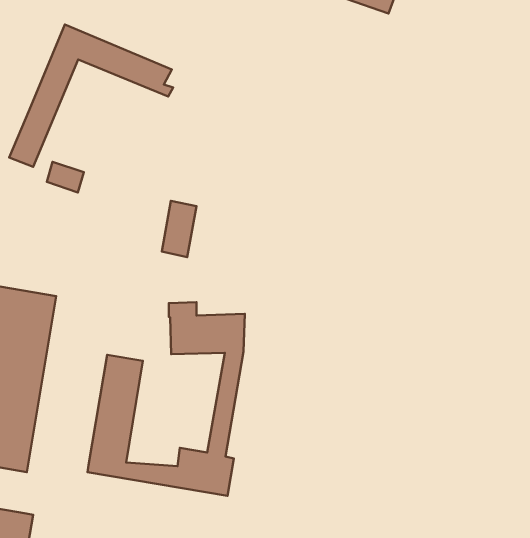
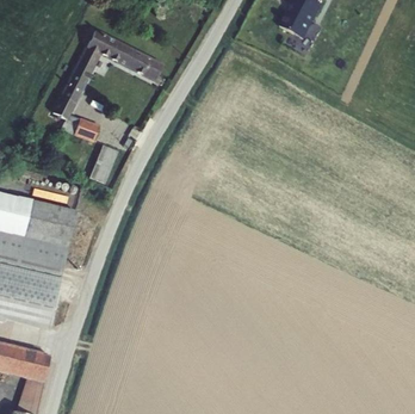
building: [162,201,196,257] -> [93,142,118,180]
building: [87,302,245,496] -> none

